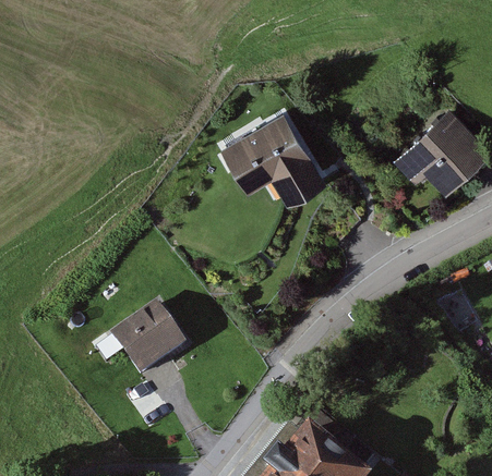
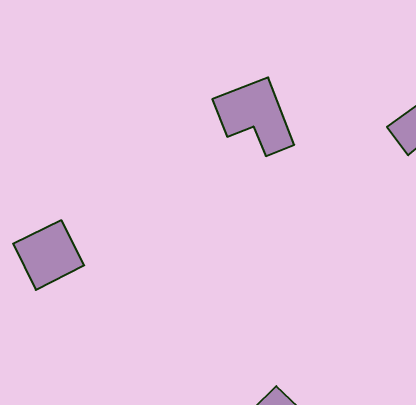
building: [116,306,189,378] -> [13,220,84,290]

